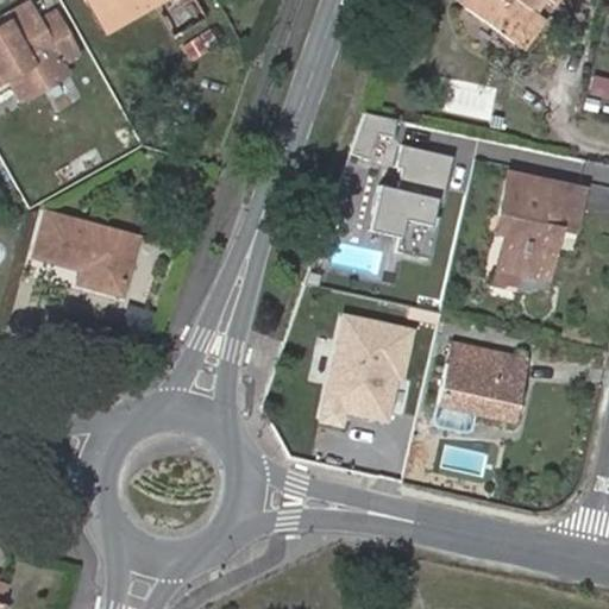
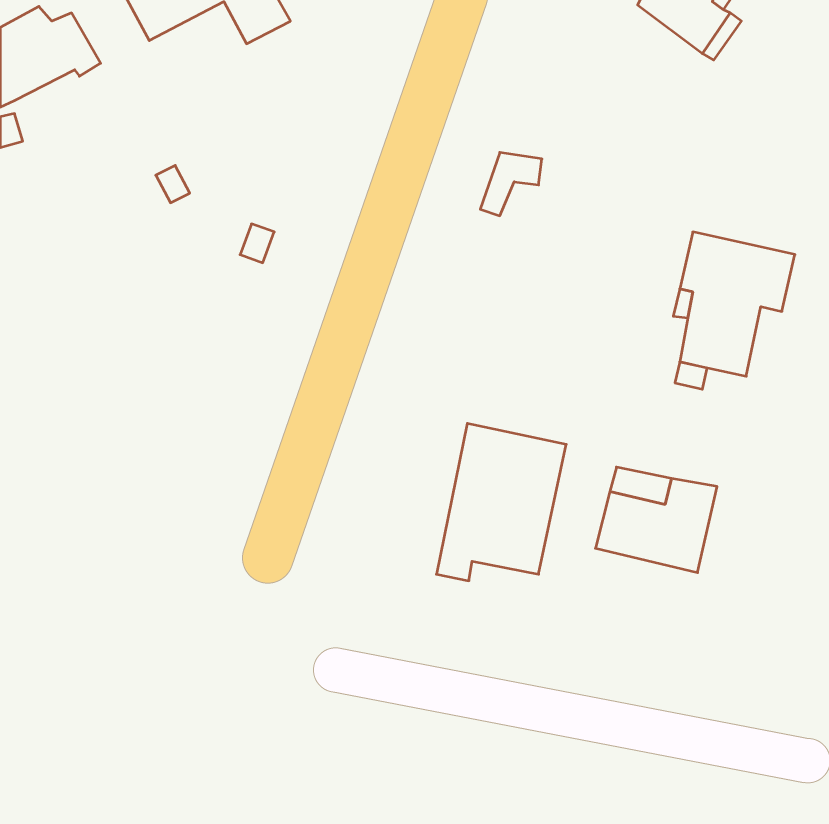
building: [11,51,71,105] -> none
building: [368,142,453,258] -> none
building: [34,215,134,303] -> none

